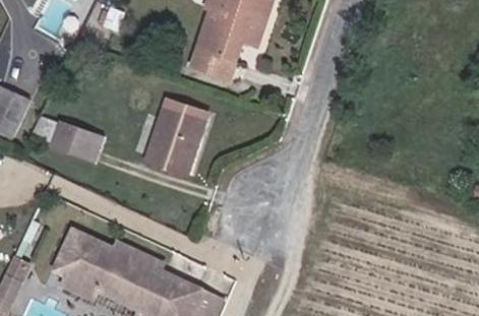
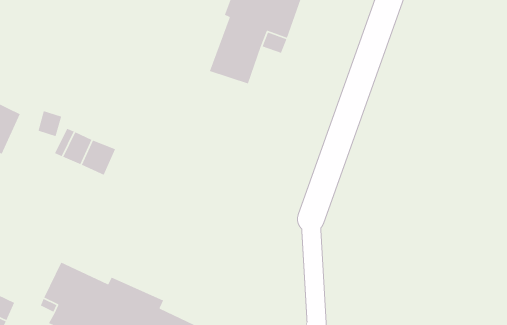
building: [144,103,197,176] -> none

